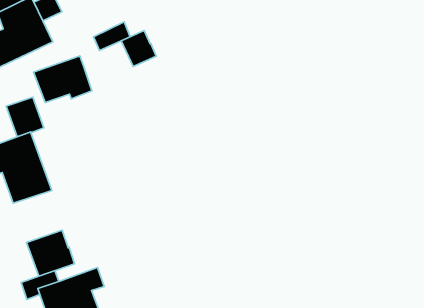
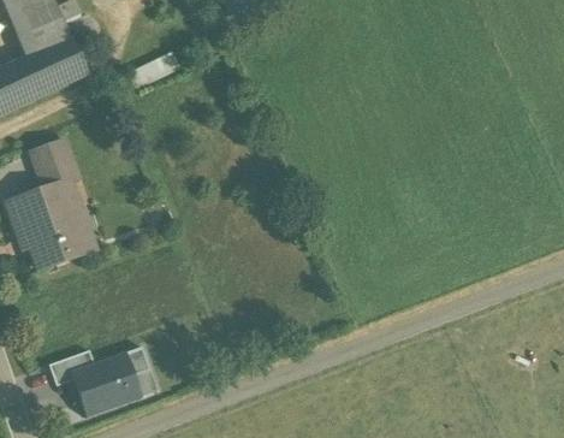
building: [121,30,156,67] -> none
building: [34,56,92,103] -> none
building: [27,230,75,276] -> none

